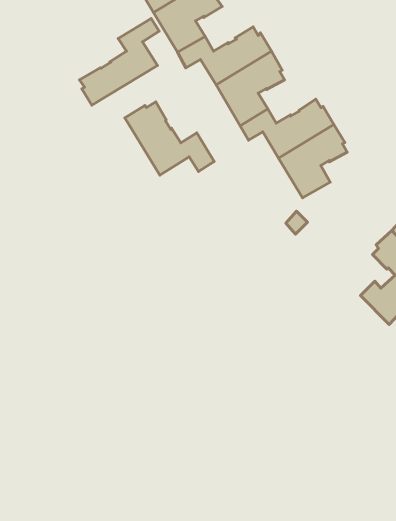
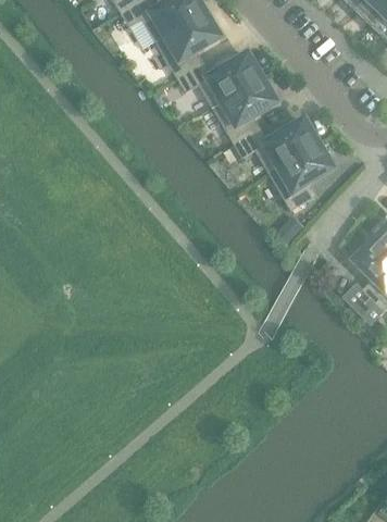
building: [80,18,159,105] -> none
building: [125,102,214,175] -> none

